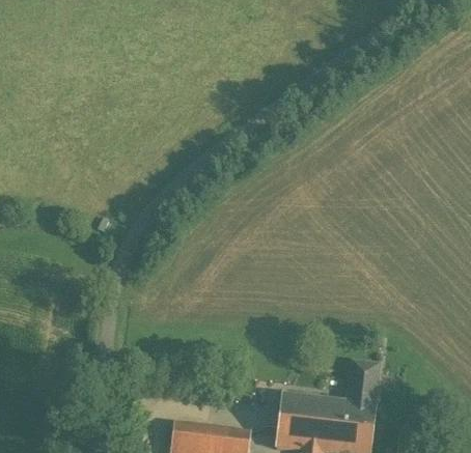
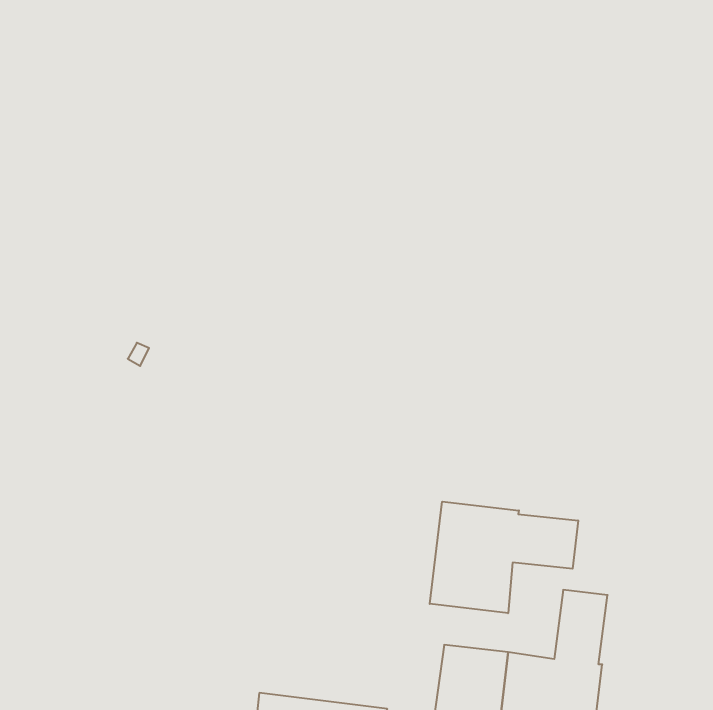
building: none -> [430,502,578,613]

